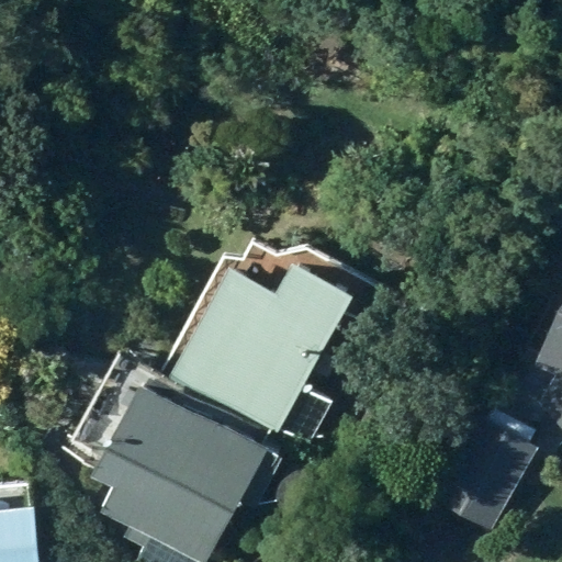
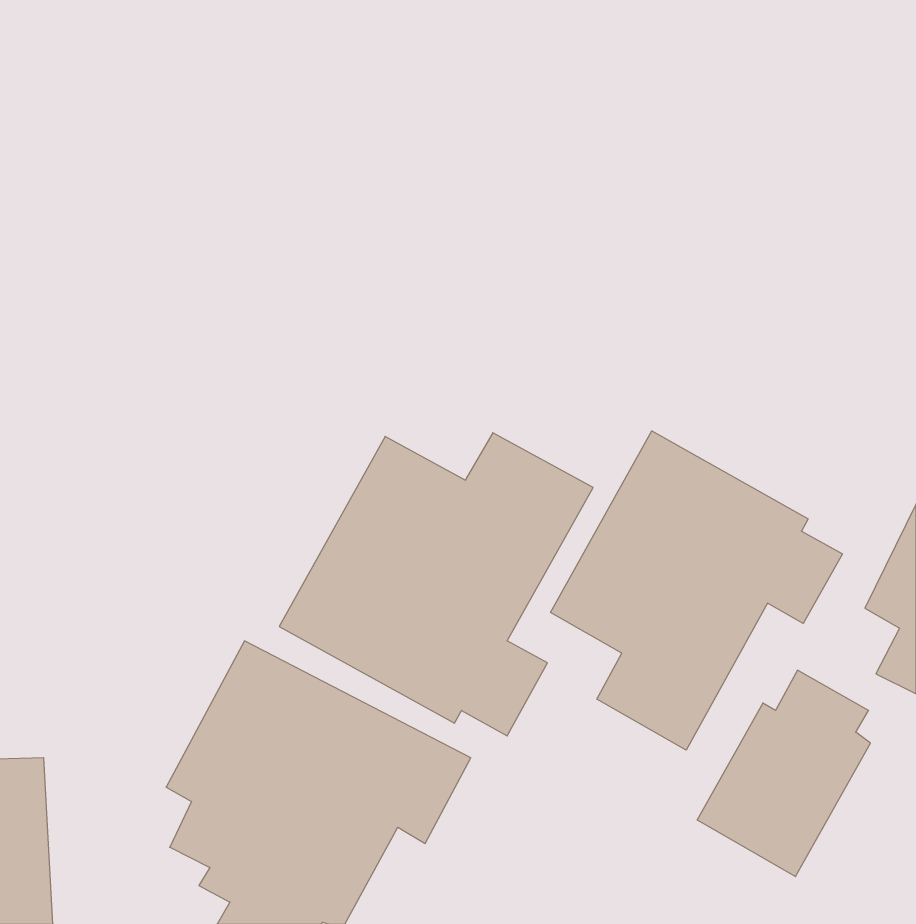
building: none -> [551,431,842,750]

